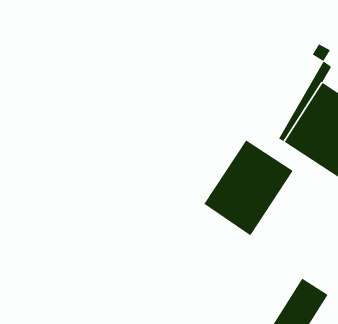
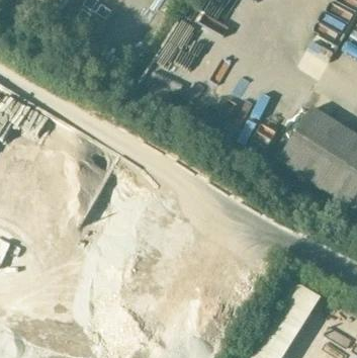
building: [204,140,293,236] -> none

